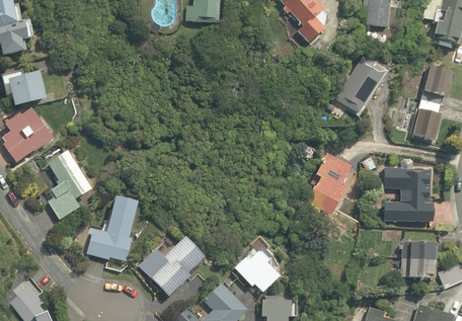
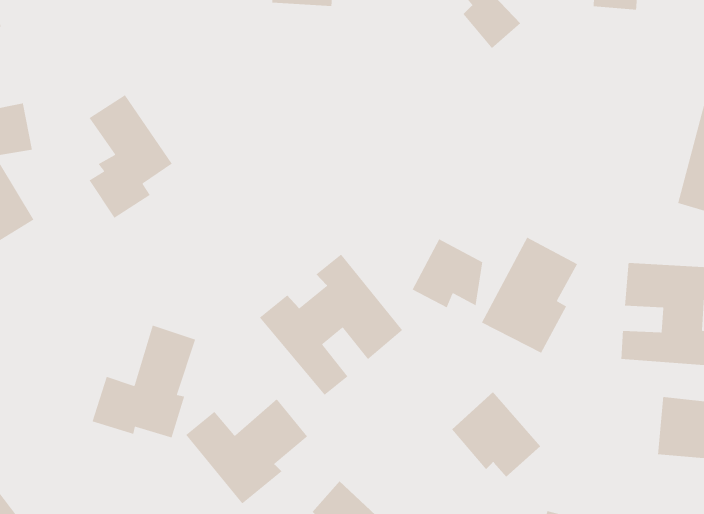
building: [338,59,390,118] -> none
building: none -> [412,238,483,308]
building: [48,152,94,221] -> [88,94,173,219]
building: none -> [259,254,403,396]
building: [236,247,286,295] -> [451,391,541,477]

